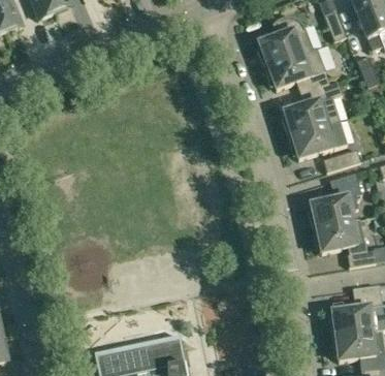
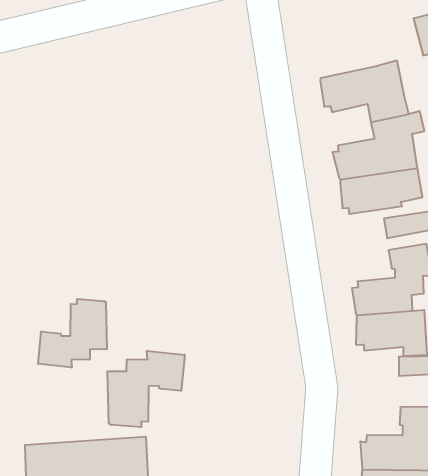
building: [256,15,317,65] -> none
building: none -> [38,299,107,368]
building: none -> [108,351,185,427]

